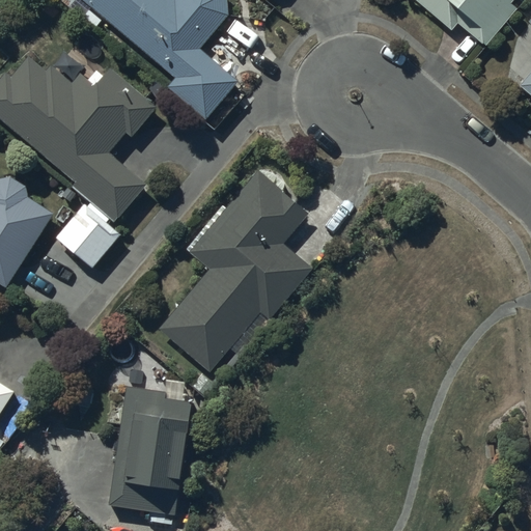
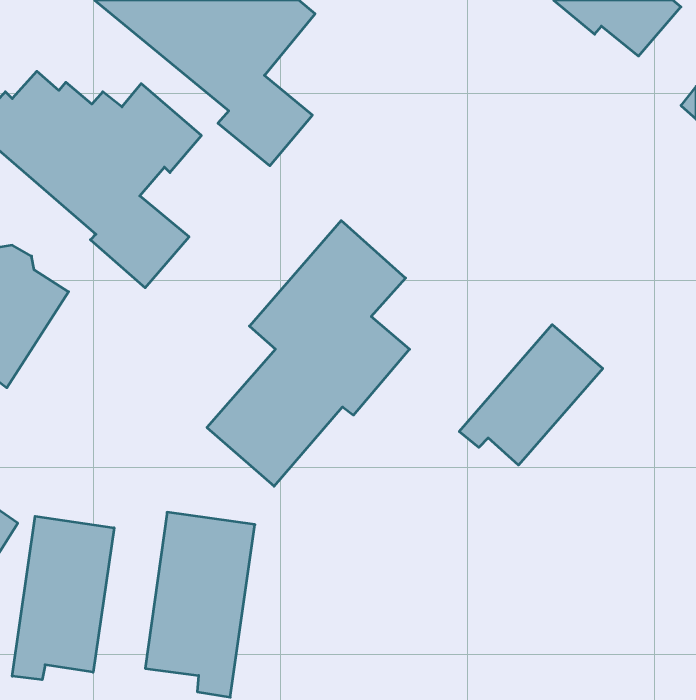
building: [55,211,118,273] -> none
building: none -> [459,325,603,465]
building: none -> [12,516,114,680]

